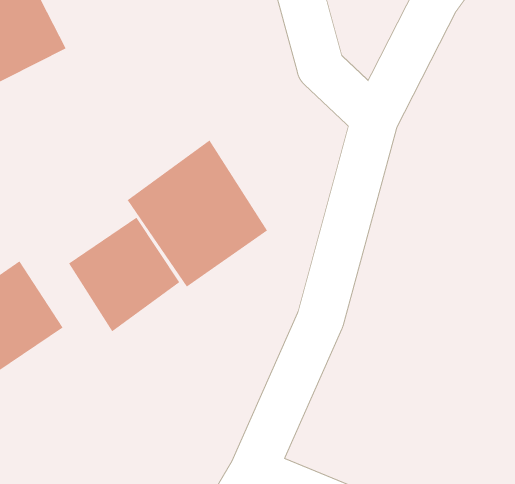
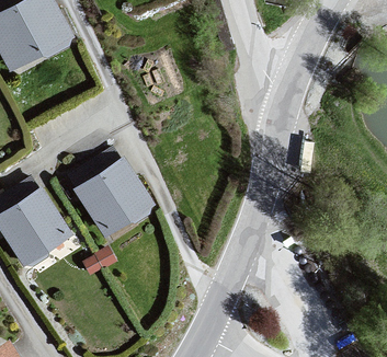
building: [127,139,268,287] -> none

